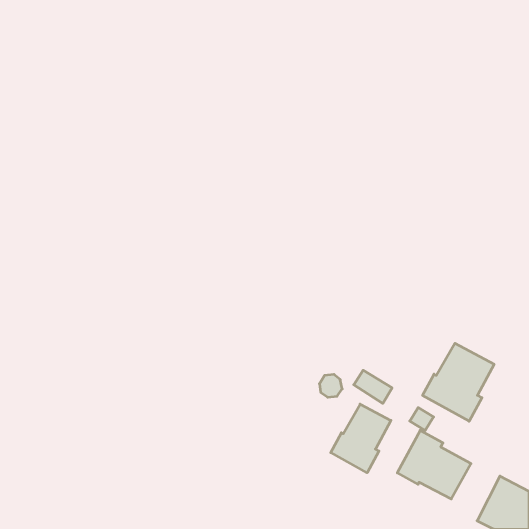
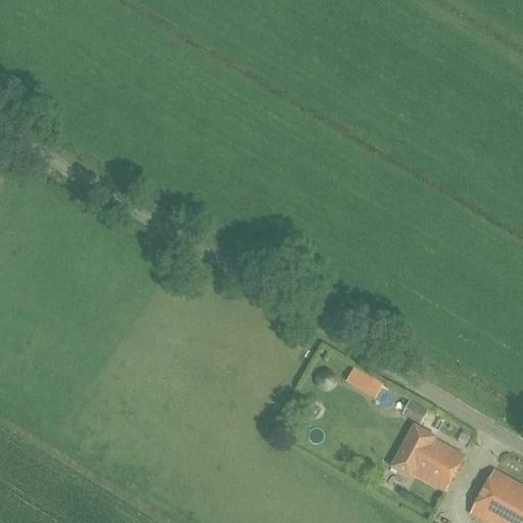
building: [423,343,494,421] -> none
building: [331,404,391,473] -> none

